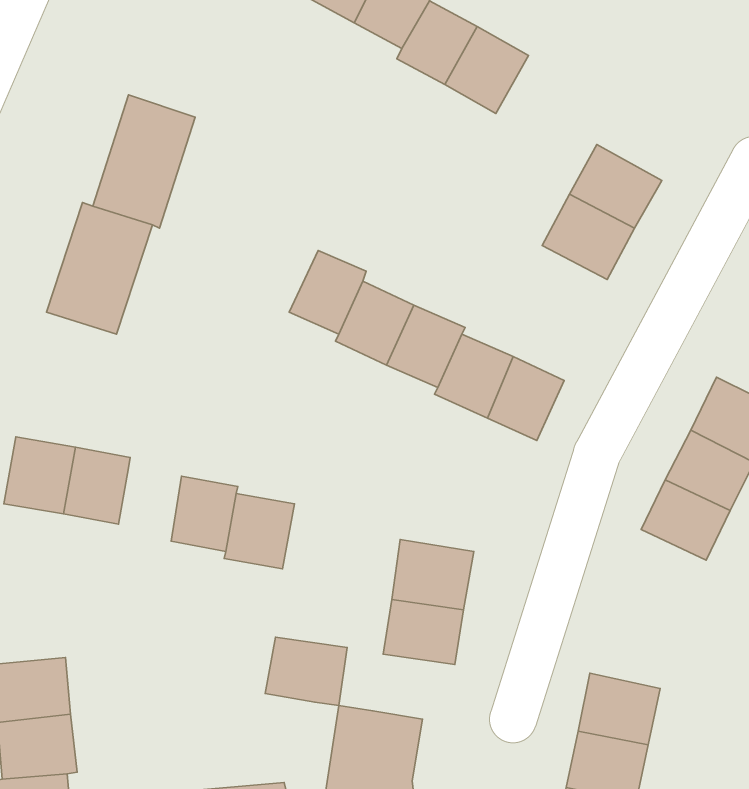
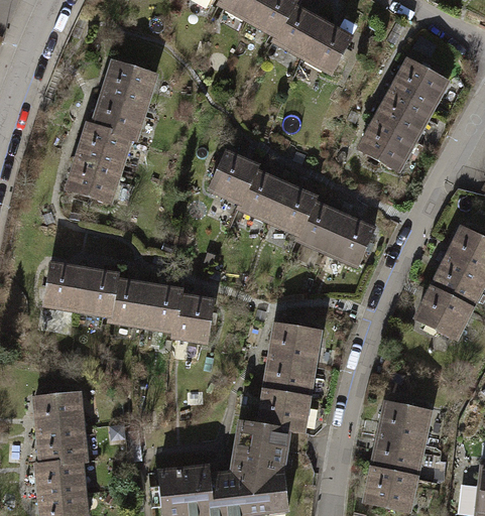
building: none -> [391,58,447,111]
building: none -> [108,280,146,324]
building: [265,637,347,706] -> [259,390,308,430]

